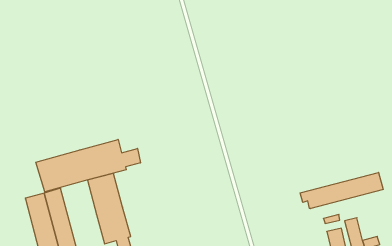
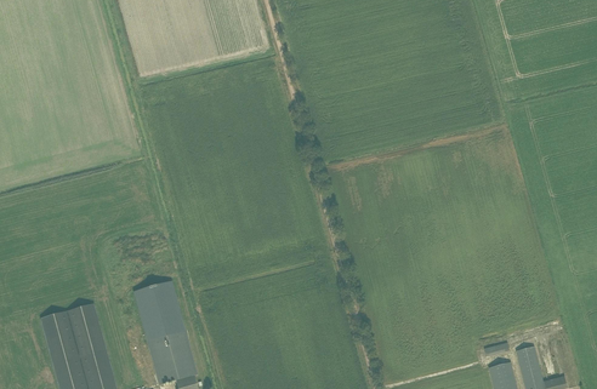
building: [36,139,140,192] -> none
building: [300,172,383,209] -> none

